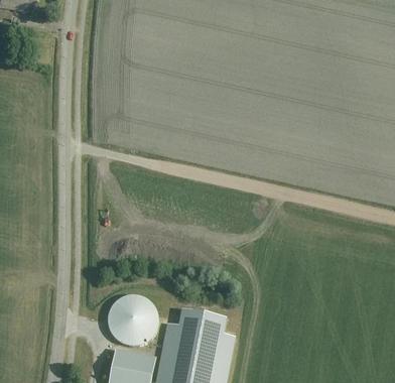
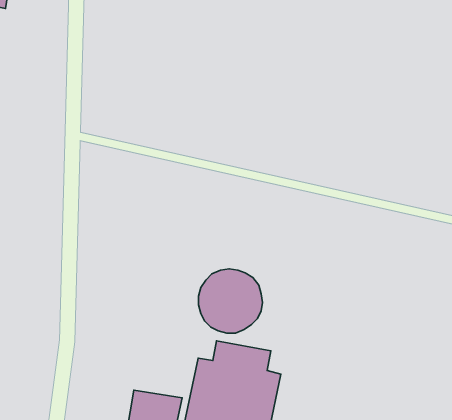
building: [106,294,158,347] -> [198,269,263,333]

